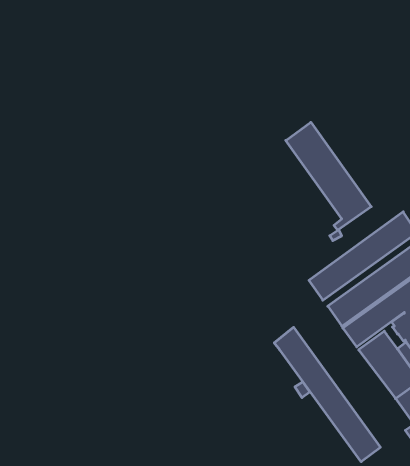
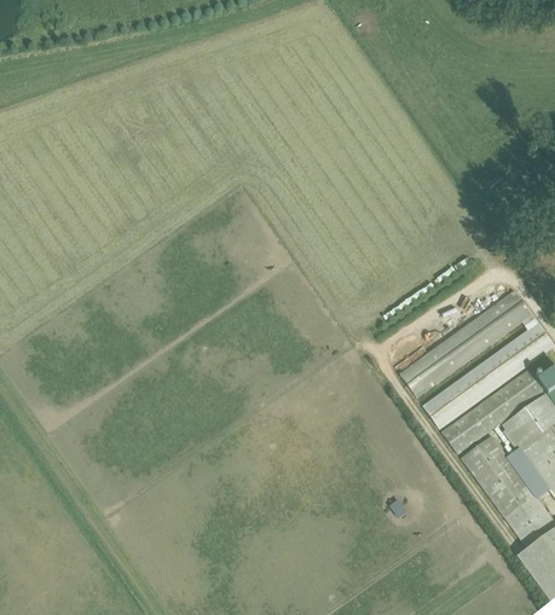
building: [286,122,371,230] -> none
building: [274,327,380,462] -> none

